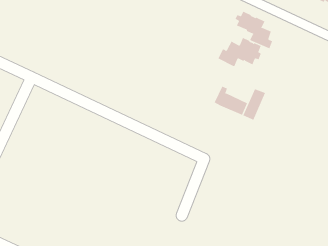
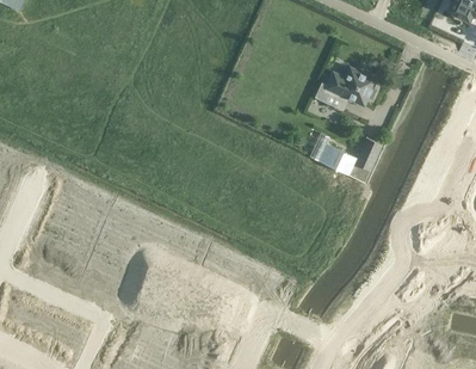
building: [235,11,273,49] -> none

